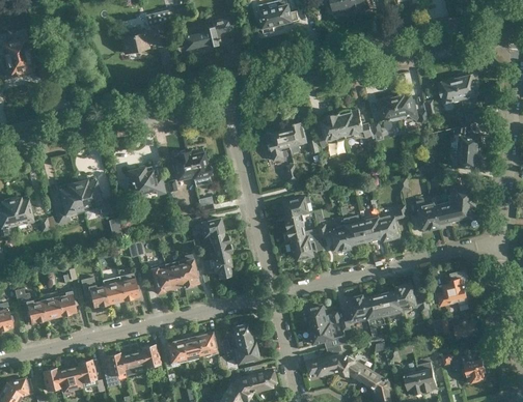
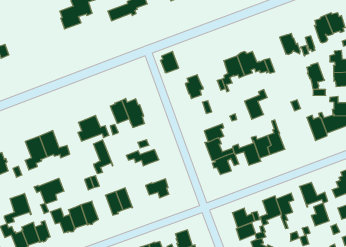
building: [379,96,400,130] -> [307,63,325,89]
building: [284,121,306,147] -> [160,51,179,73]
building: none -> [93,140,113,174]
building: [378,205,407,240] -> [245,90,267,119]
building: [210,231,231,260] -> none
building: none -> [34,178,64,204]
building: none -> [4,193,31,224]
building: [176,258,197,287] -> none
building: [380,290,402,317] -> [311,203,329,226]

